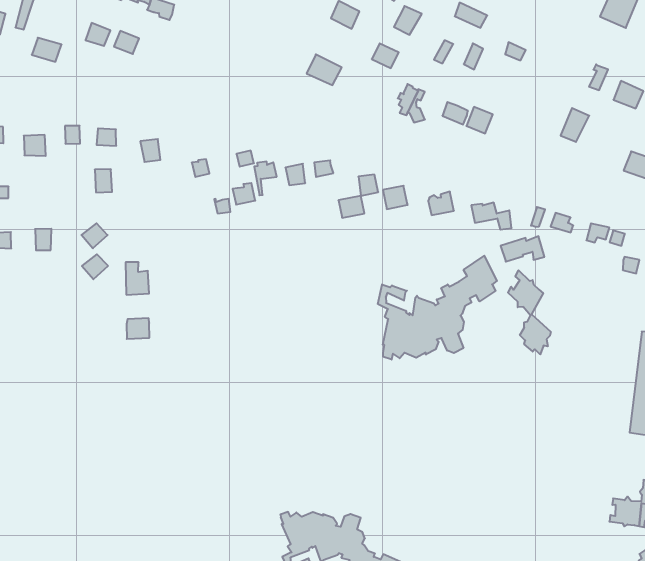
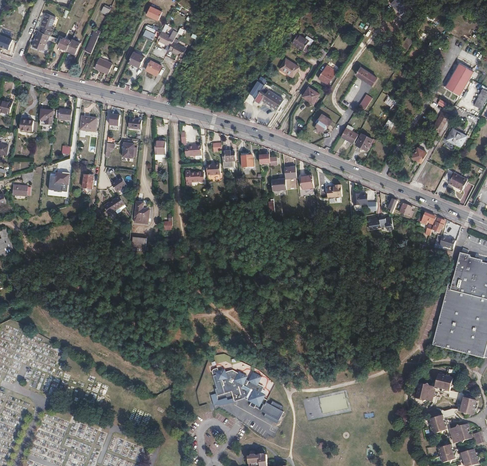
building: [378,256,497,360] -> none
building: [508,270,551,354] -> none

